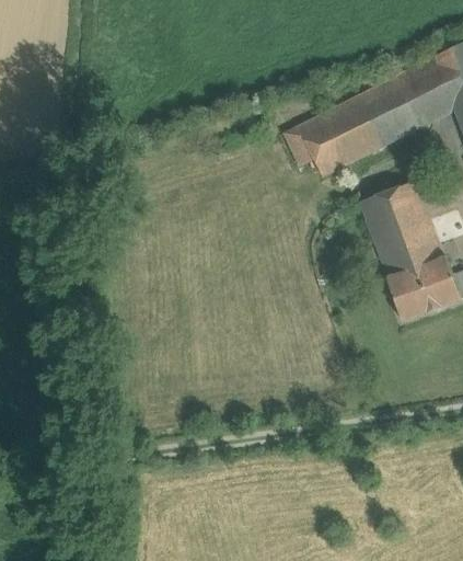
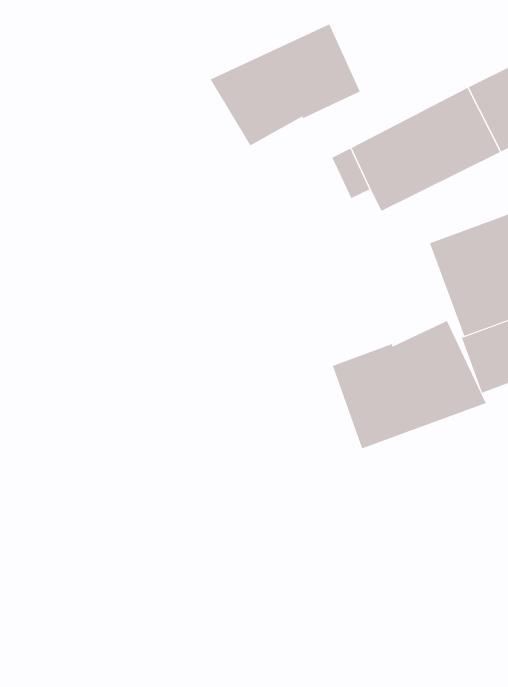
building: none -> [210,23,360,146]
building: none -> [332,320,486,449]

